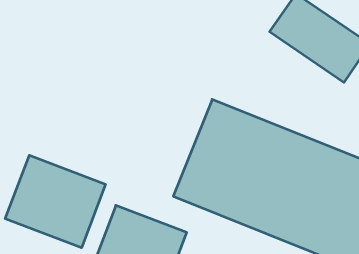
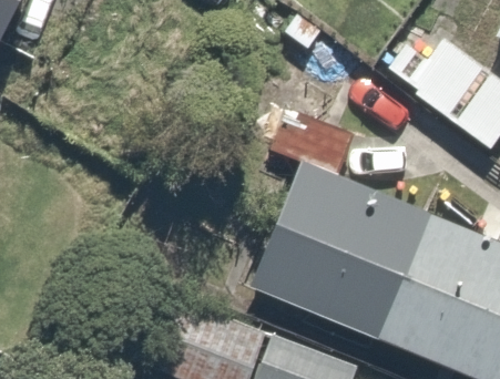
building: [5,155,105,248] -> none

